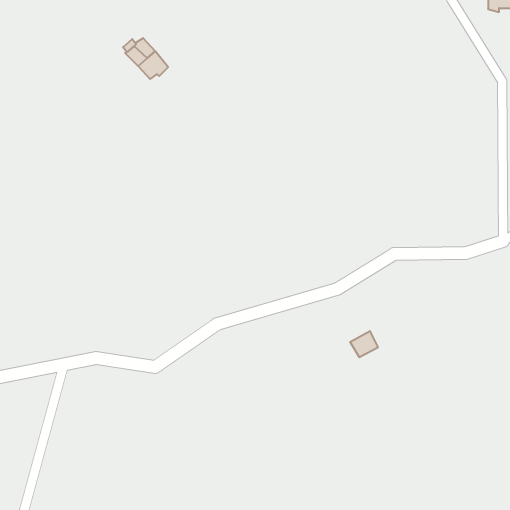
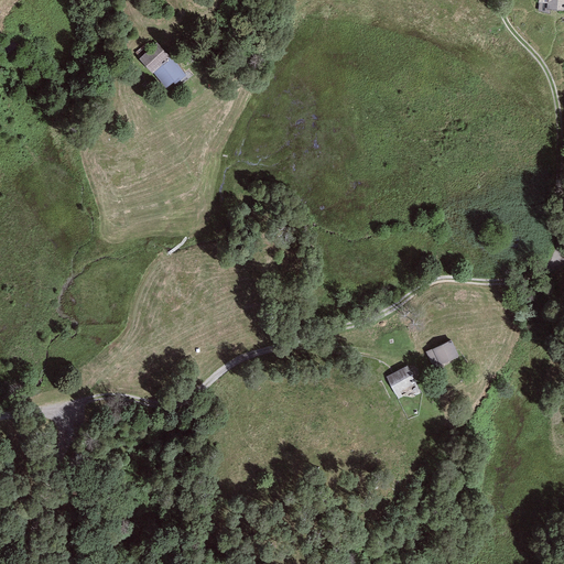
building: none -> [426,339,459,368]

